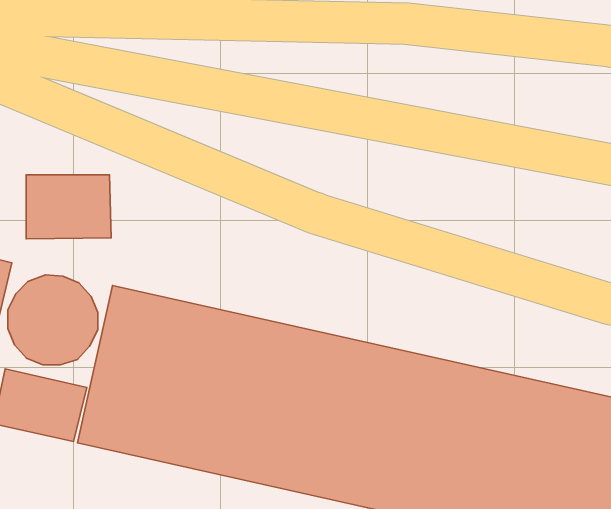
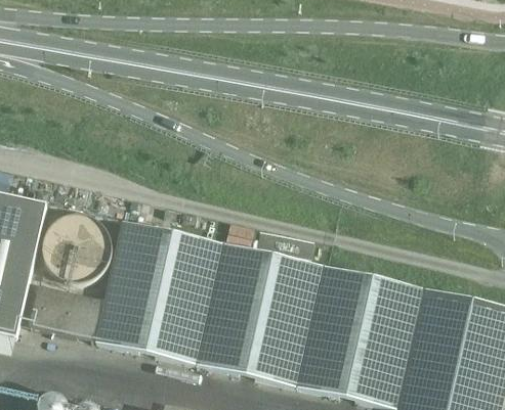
building: [26,175,111,239] -> none

